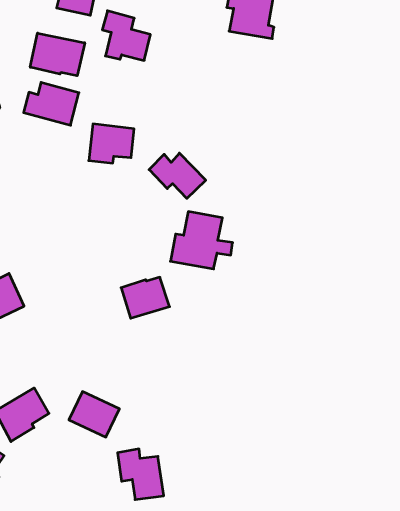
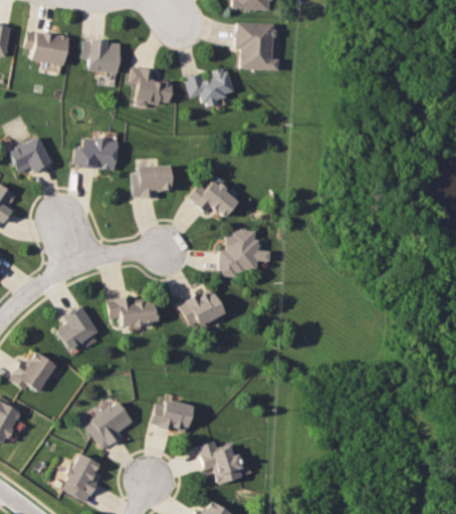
building: none -> [186,66,235,106]
building: [30,33,85,76] -> none
building: none -> [107,296,157,326]

